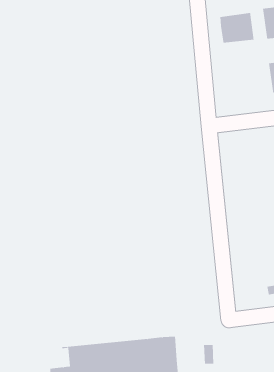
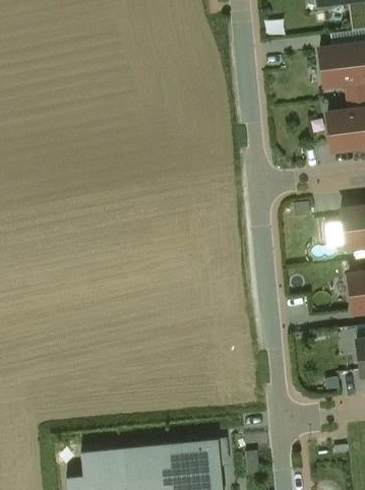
building: [220,12,254,43] -> none

